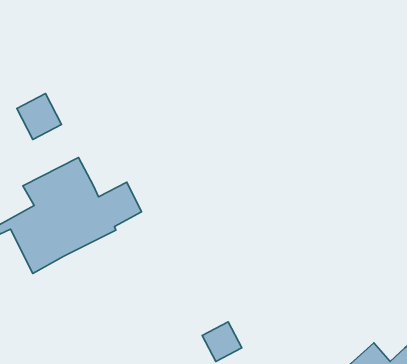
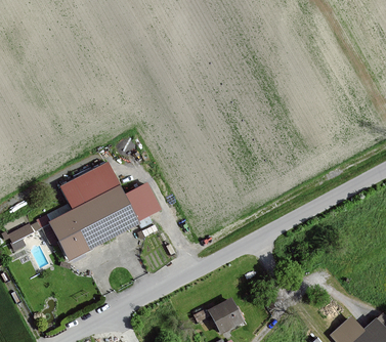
building: [17,94,62,139] -> none

